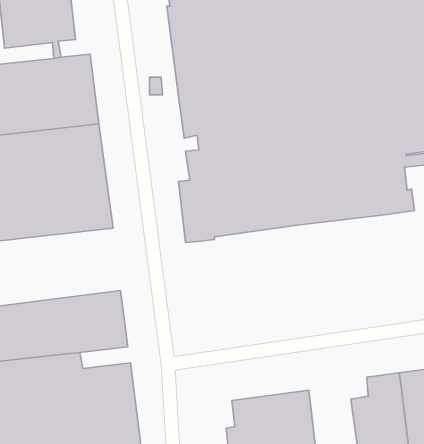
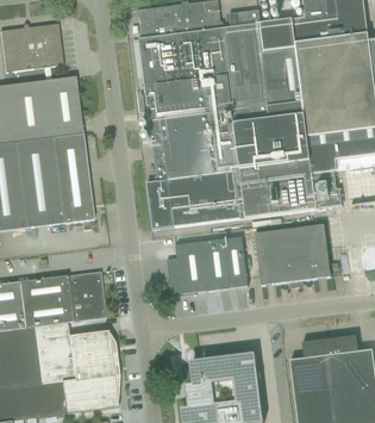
building: none -> [255,224,331,286]
building: none -> [167,236,248,297]

